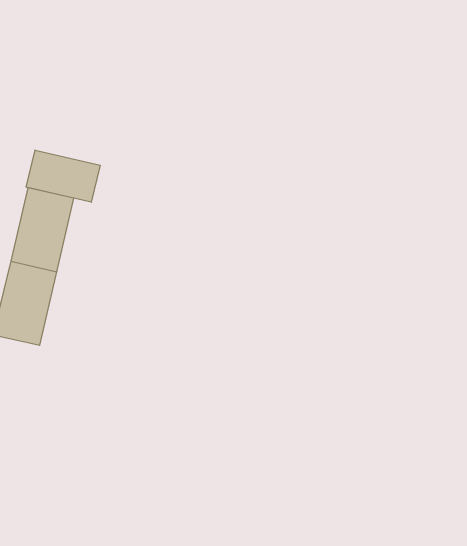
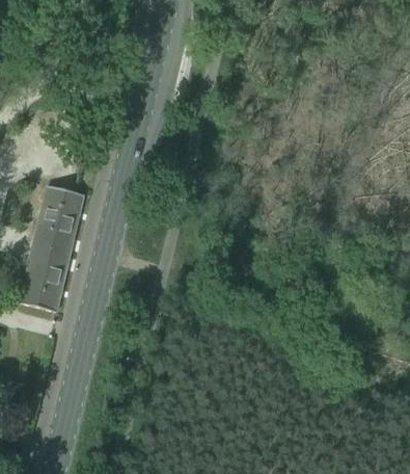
building: [26,150,100,202] -> none

